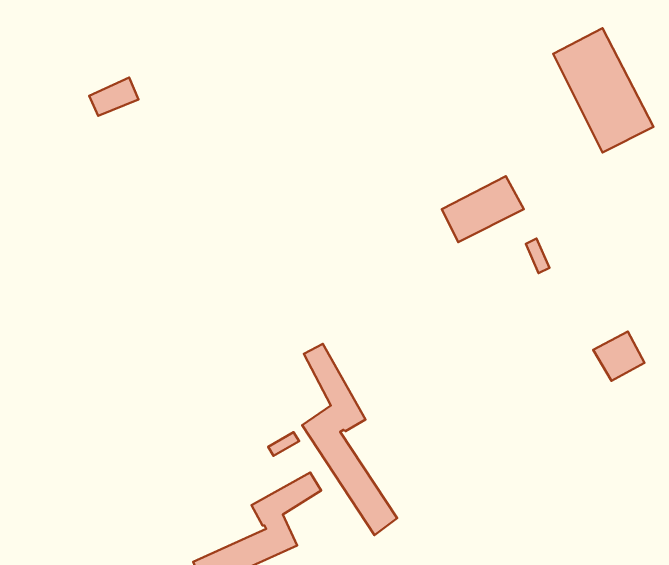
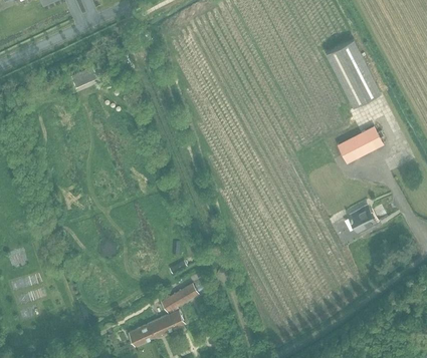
building: [442,176,524,242] -> [338,126,383,162]
building: [302,344,397,535] -> none

